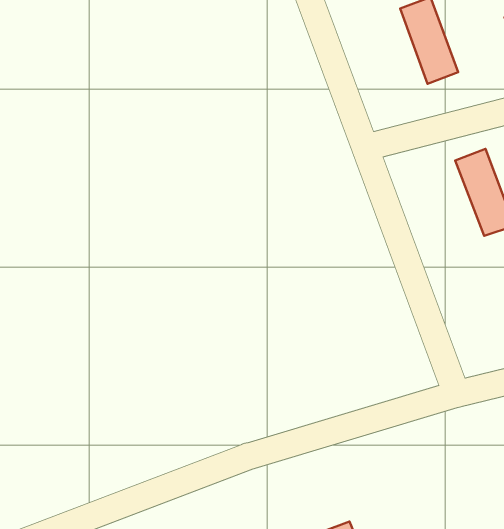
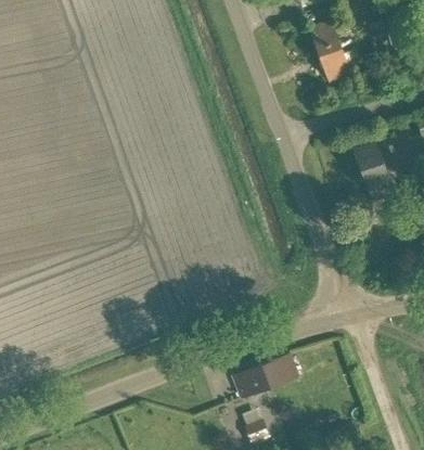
building: none -> [232,355,297,399]

